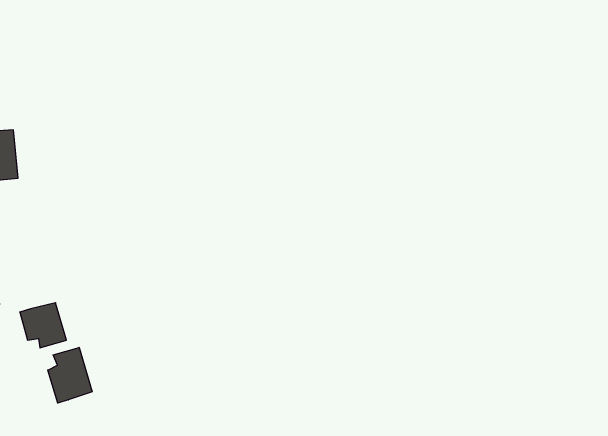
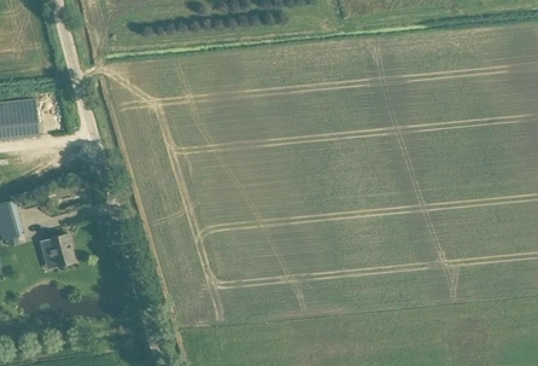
building: [48,347,92,403] -> none

